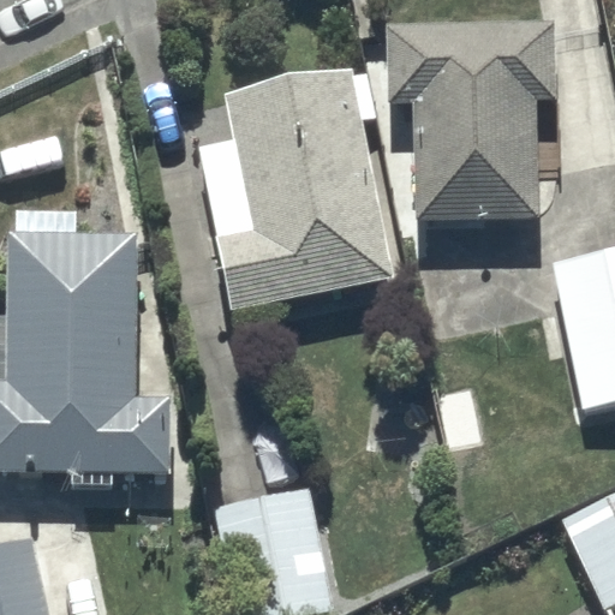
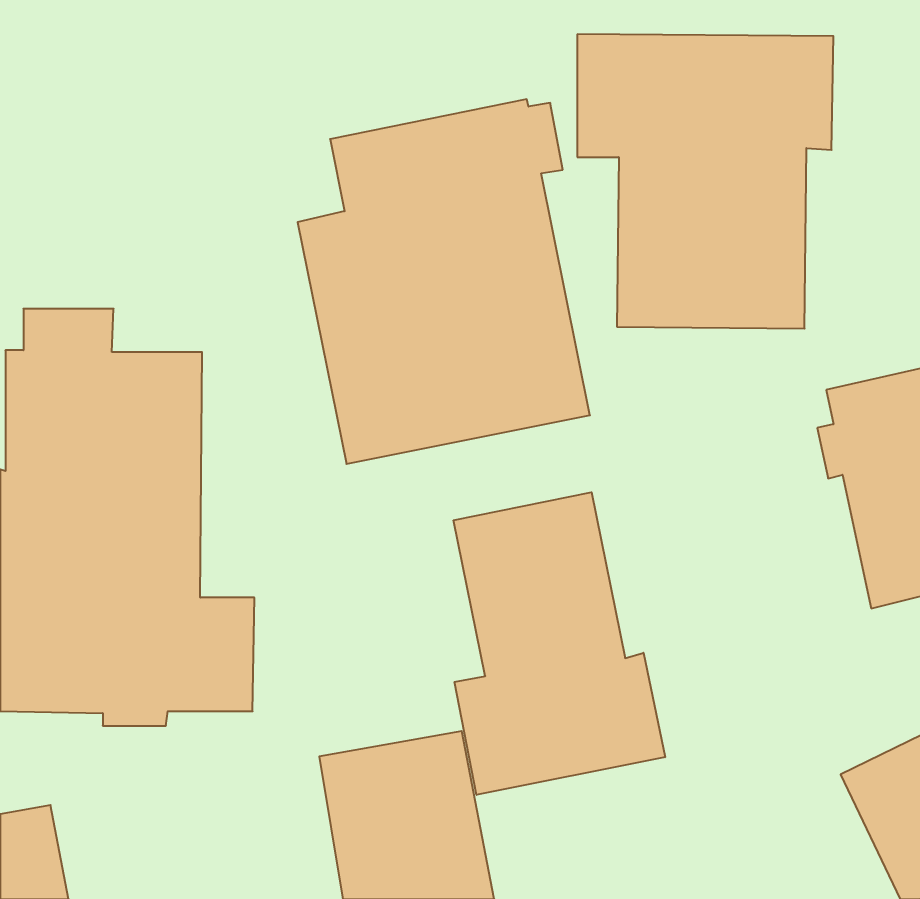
building: none -> [454,492,665,795]

